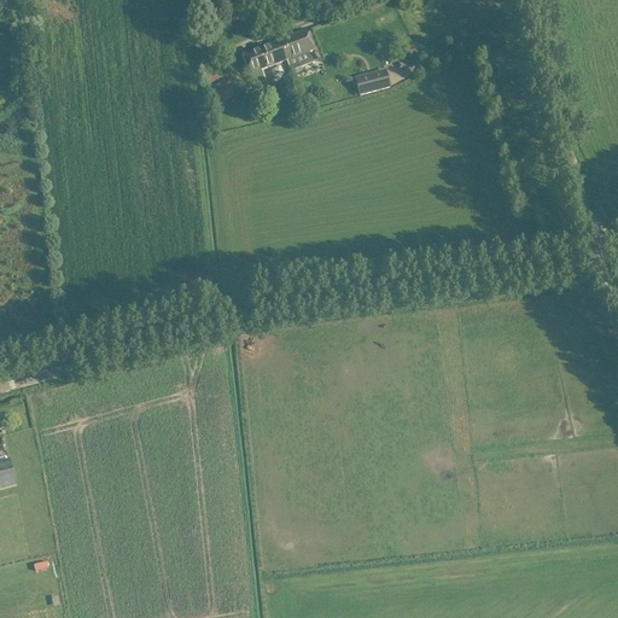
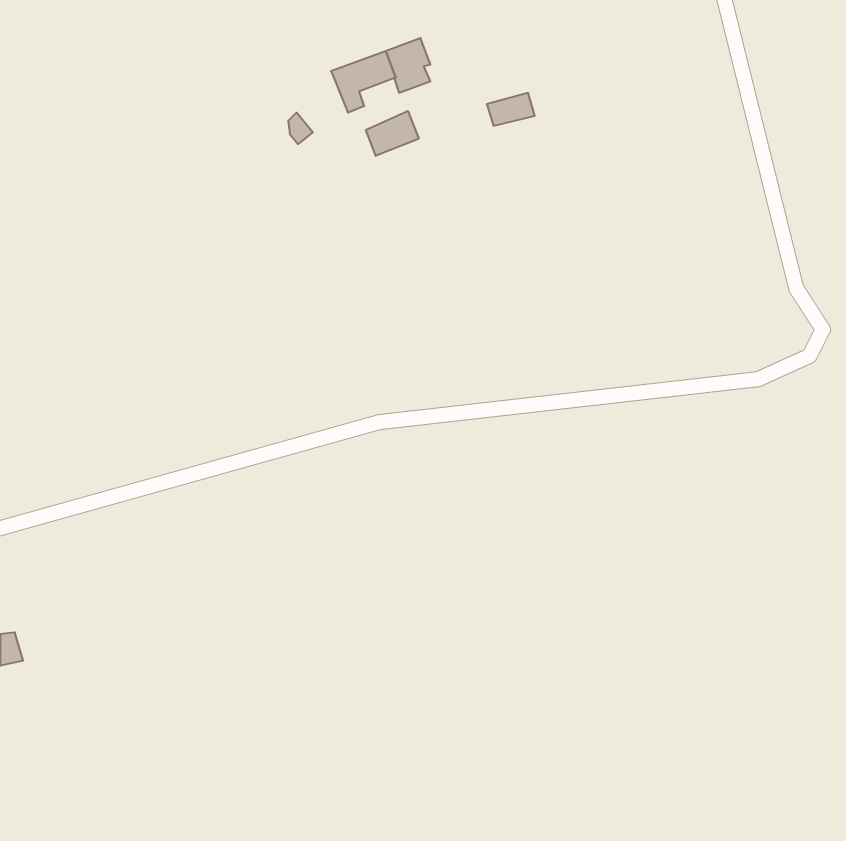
building: none -> [366,111,419,156]

